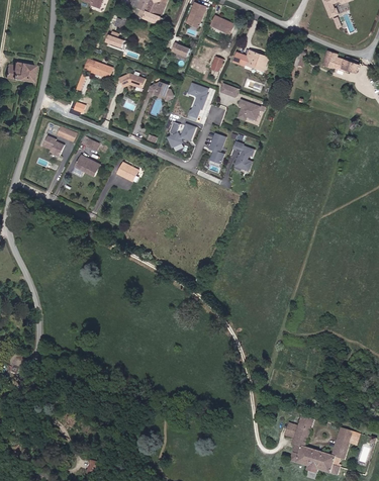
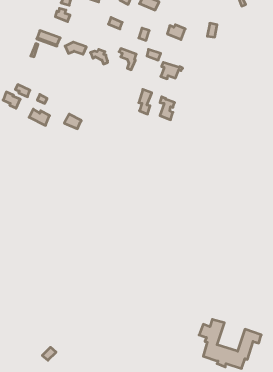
building: [322,51,359,73] -> none
building: [167,121,194,147] -> none

